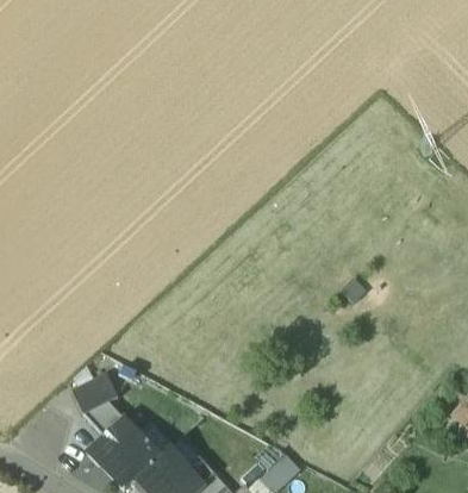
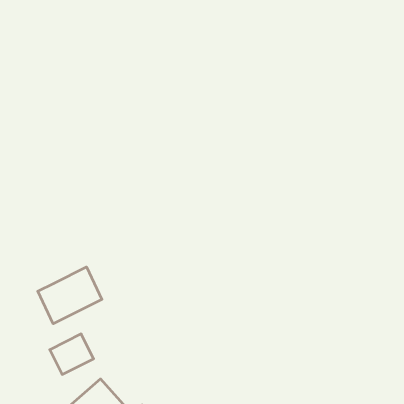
building: none -> [38,267,102,324]

